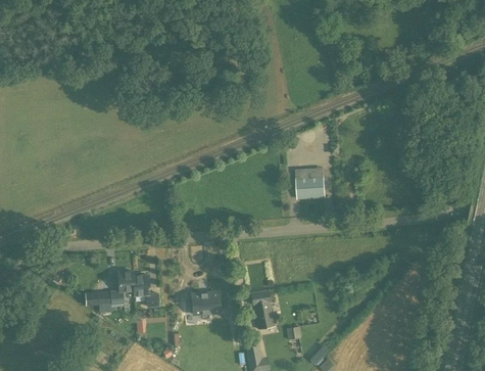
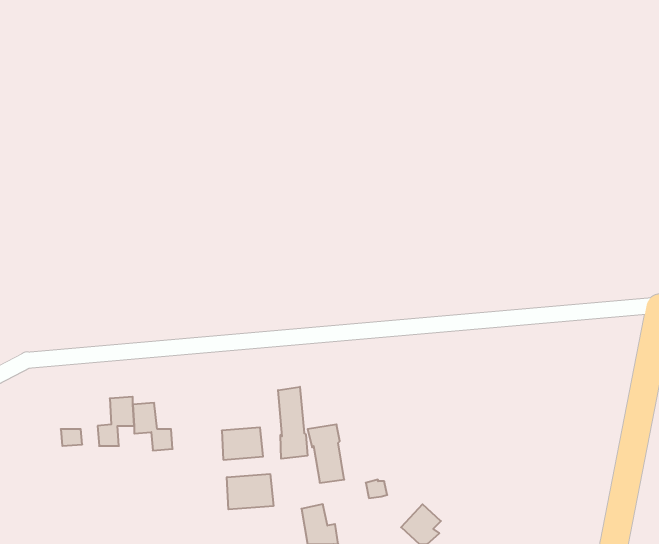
building: [295,168,325,199] -> none
building: none -> [278,387,307,459]
building: none -> [227,474,273,509]

